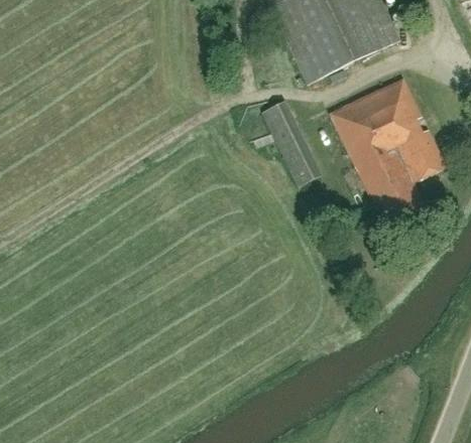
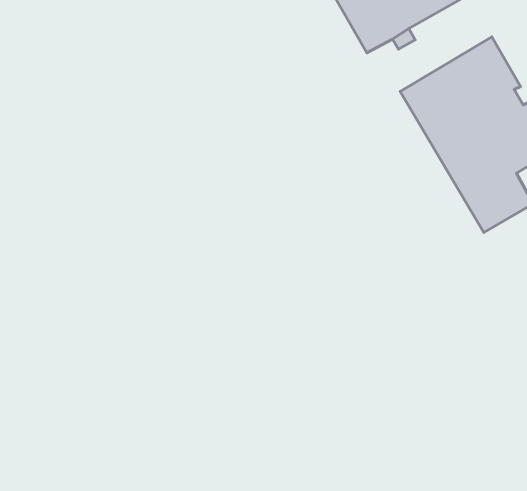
building: [261,101,321,186] -> none

